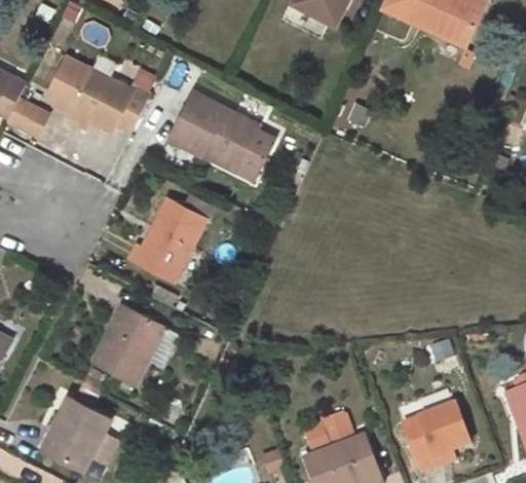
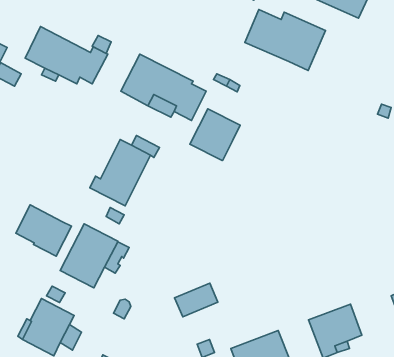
building: none -> [245,9,325,70]
building: none -> [190,109,240,160]
building: none -> [16,205,71,256]
building: [300,410,354,452] -> [175,283,218,317]

